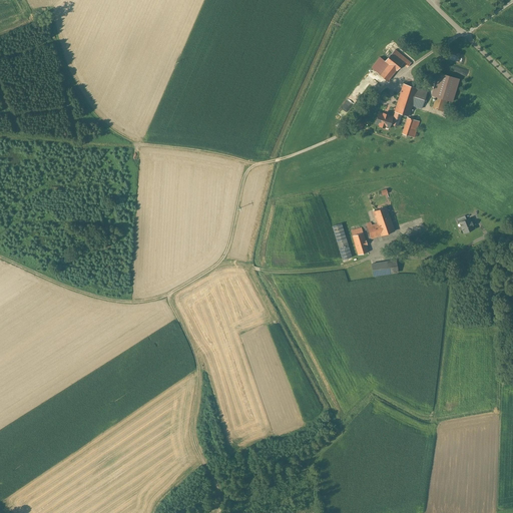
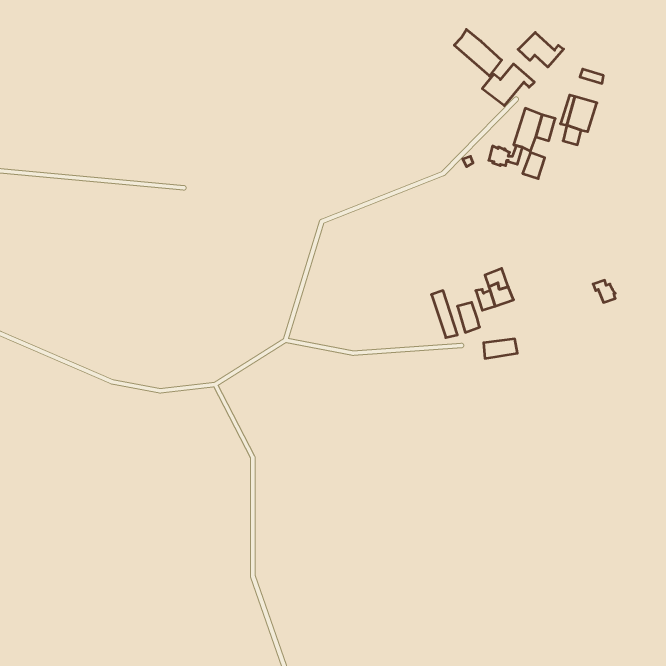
building: none -> [454,29,502,76]
building: none -> [518,32,564,67]

